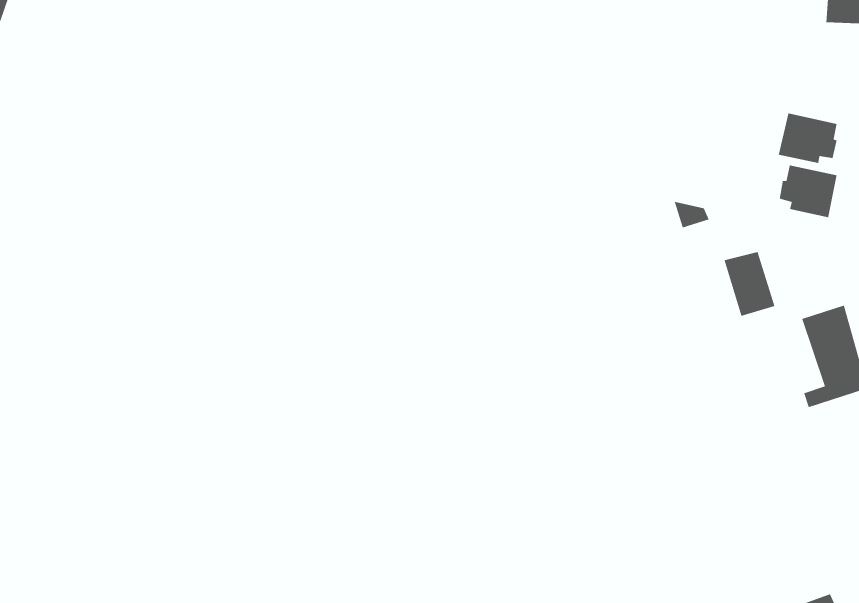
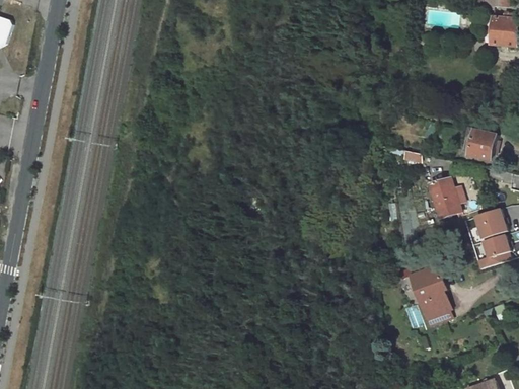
building: [778,113,838,164] -> none
building: none -> [410,259,450,325]

